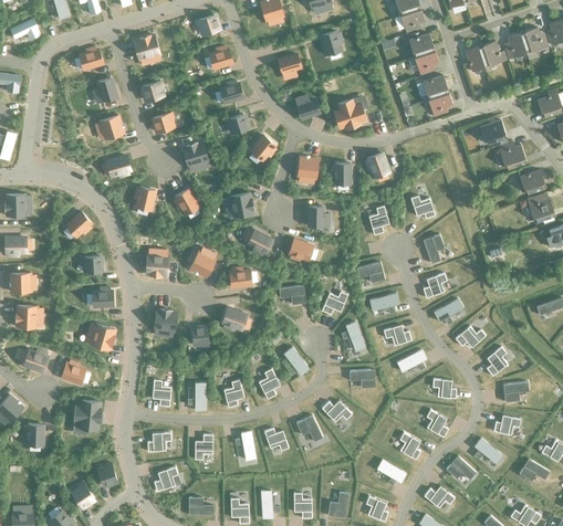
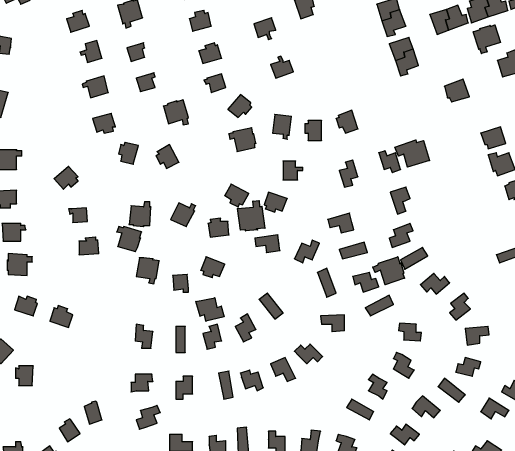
building: none -> [473,25,500,54]
building: [334,99,367,128] -> none
building: [498,144,525,169] -> none
building: none -> [395,140,430,167]
building: [225,192,253,218] -> [229,128,256,152]
building: none -> [238,201,265,231]
building: none -> [373,257,405,285]
building: [88,324,115,350] -> [117,227,142,252]
building: none -> [196,298,224,321]
building: [73,400,101,434] -> none

